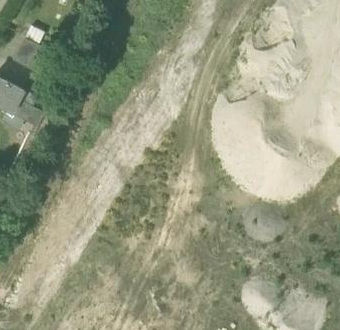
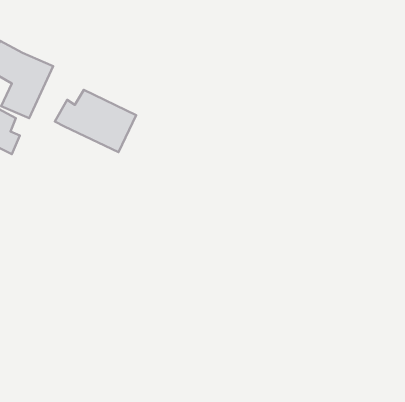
building: none -> [55,90,136,152]

